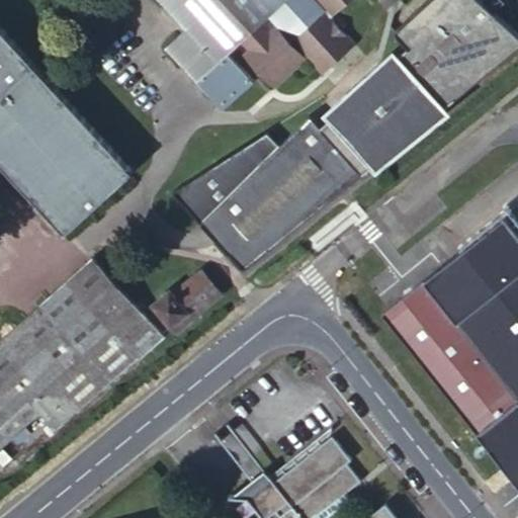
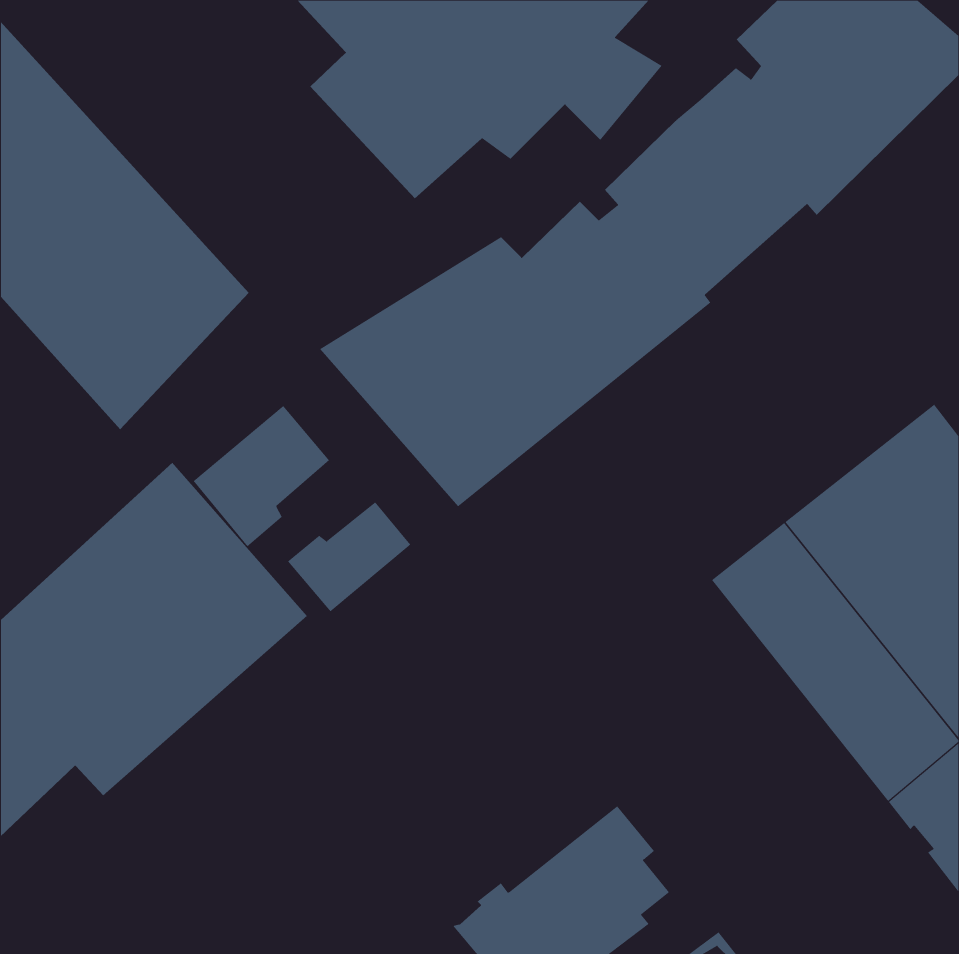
building: none -> [193,405,330,547]

